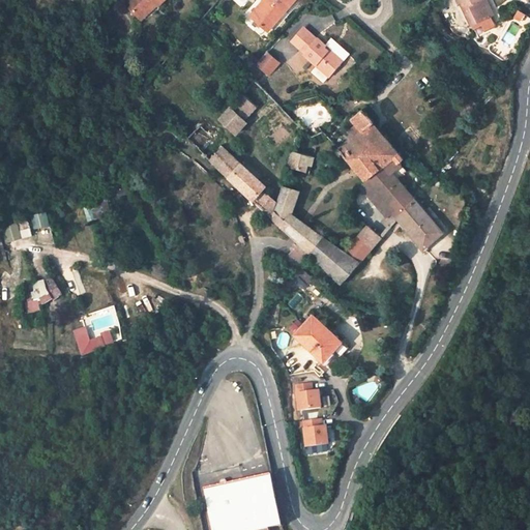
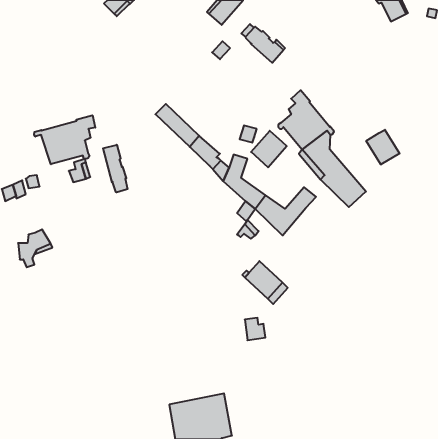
building: [219,92,256,134] -> none
building: none -> [34,115,95,164]
building: none -> [366,130,400,165]
building: none -> [251,131,287,167]
building: none -> [103,145,128,192]
building: [72,328,112,354] -> none
building: [302,418,328,446] -> none

